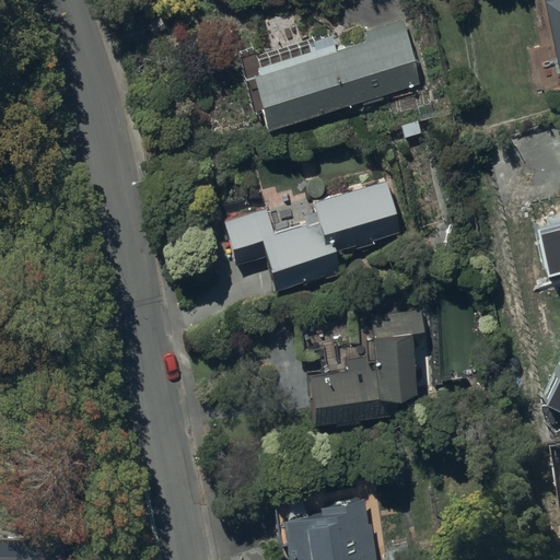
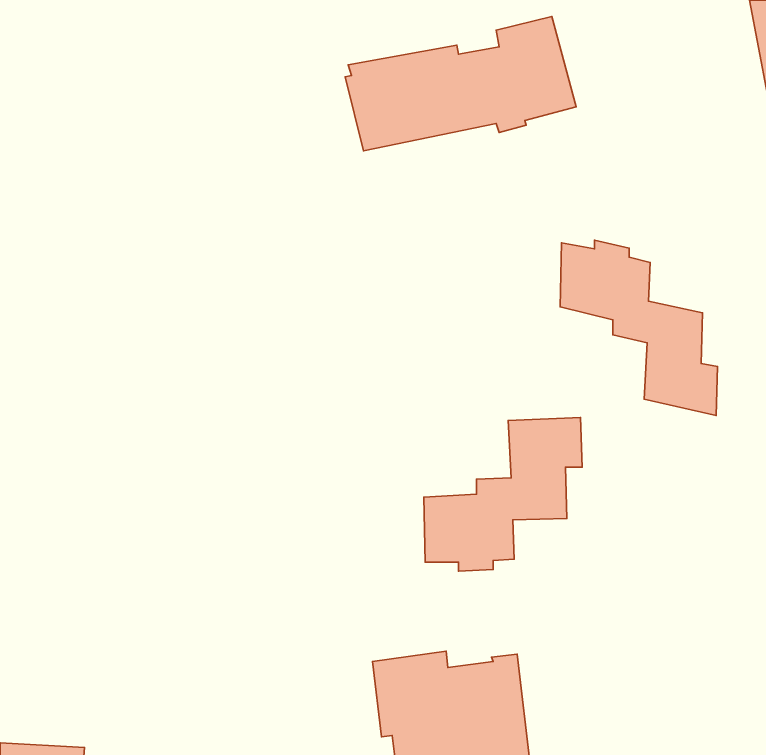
building: [226,185,400,287] -> none
building: none -> [560,240,718,416]

